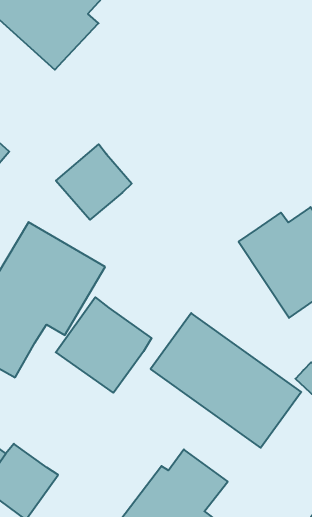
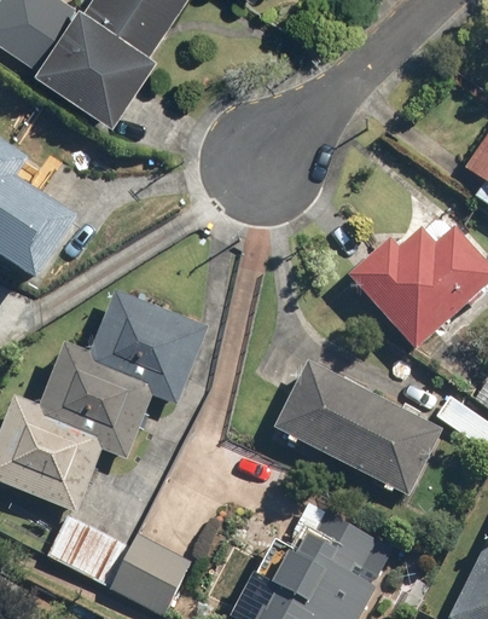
building: [56,144,132,220] -> none
building: [56,297,152,393] -> none

